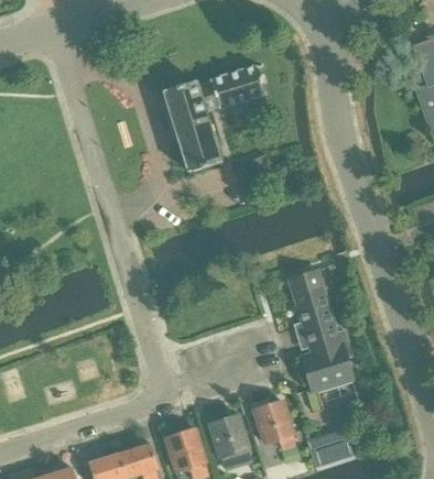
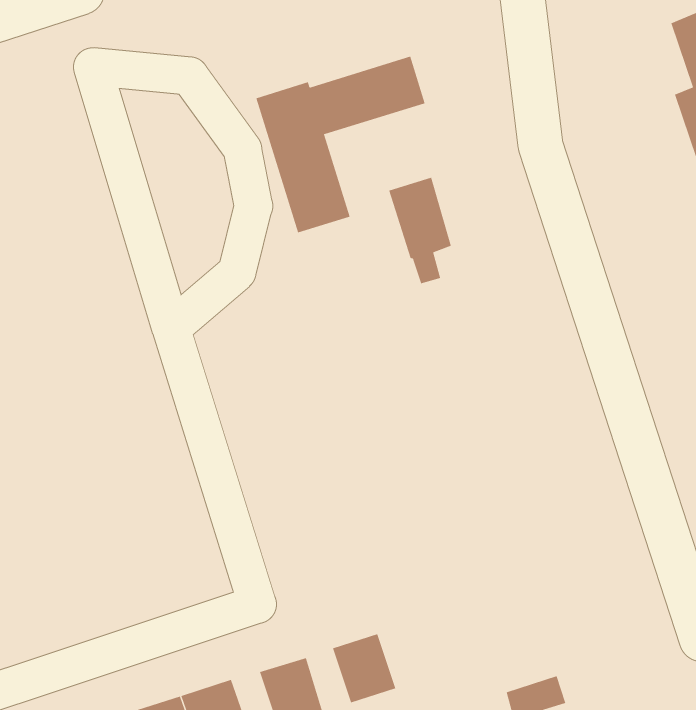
building: none -> [389,177,452,284]
building: [289,269,354,391] -> none
building: [254,400,295,451] -> none

